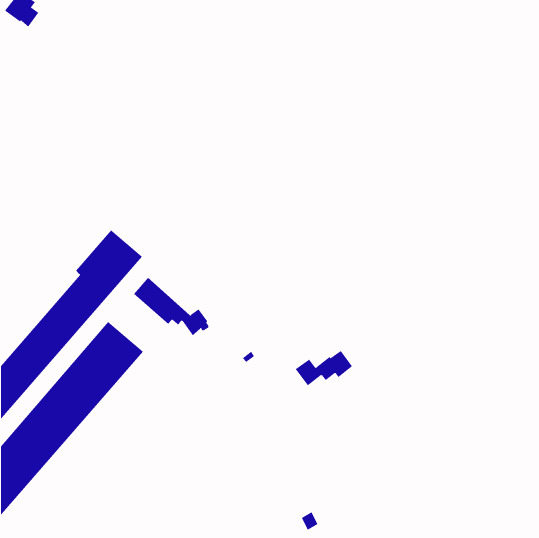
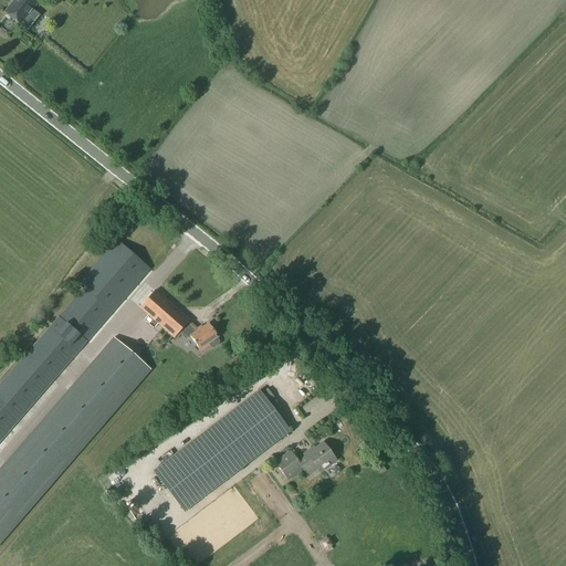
building: [295,350,353,386] -> [275,441,336,479]
building: none -> [154,388,292,512]

